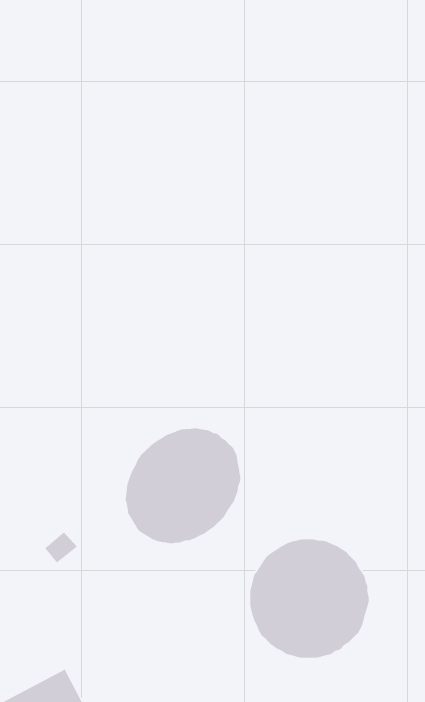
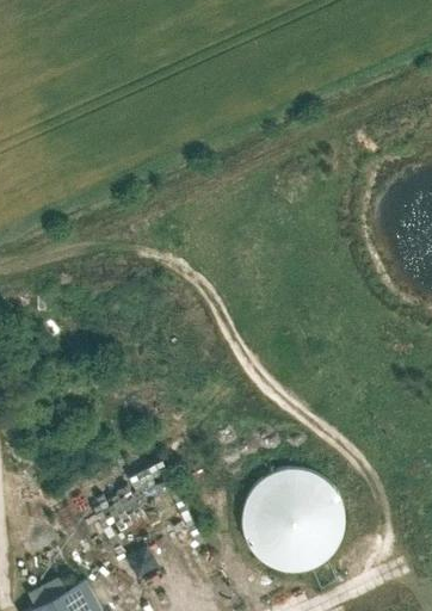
building: [125,428,241,544] -> none

